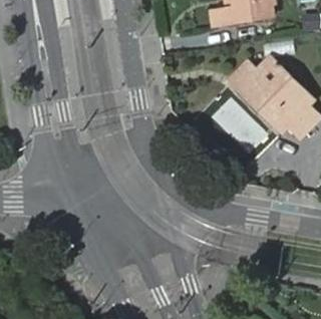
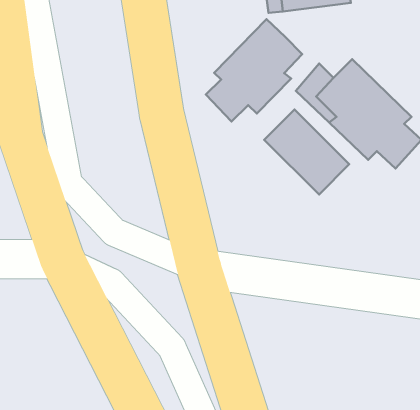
building: none -> [206,19,302,121]

